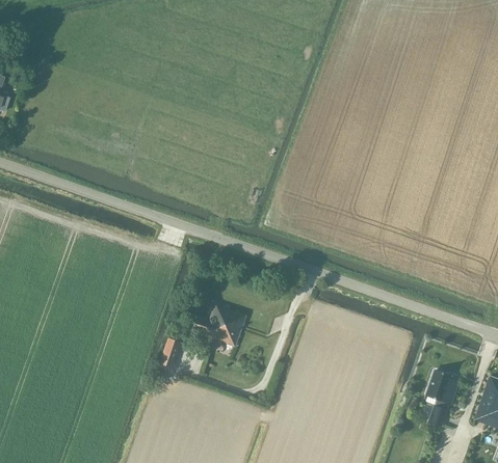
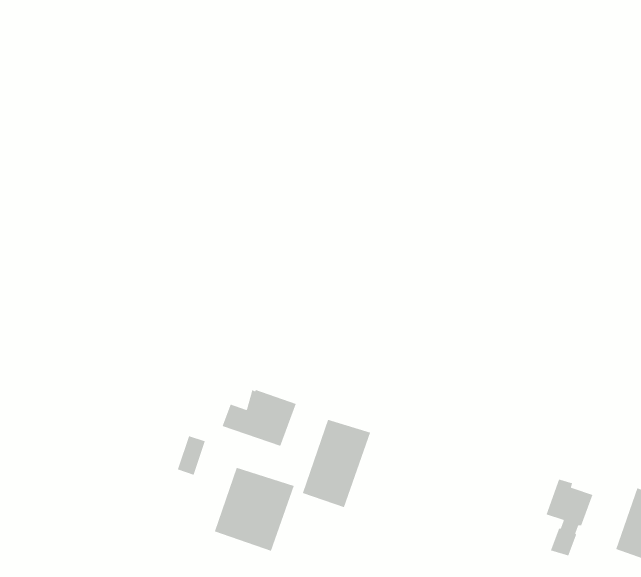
building: none -> [302,419,371,508]
building: none -> [214,467,295,552]

